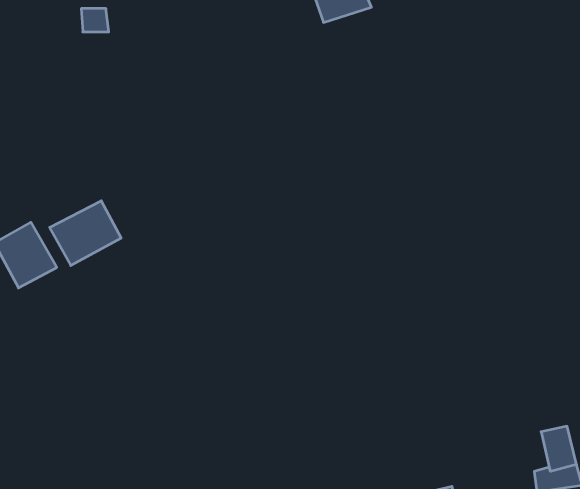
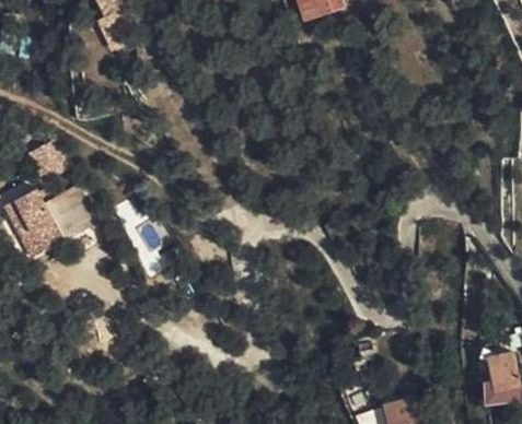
building: [50,201,121,266] -> none

